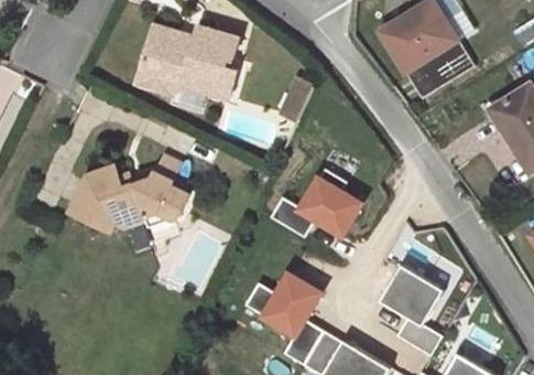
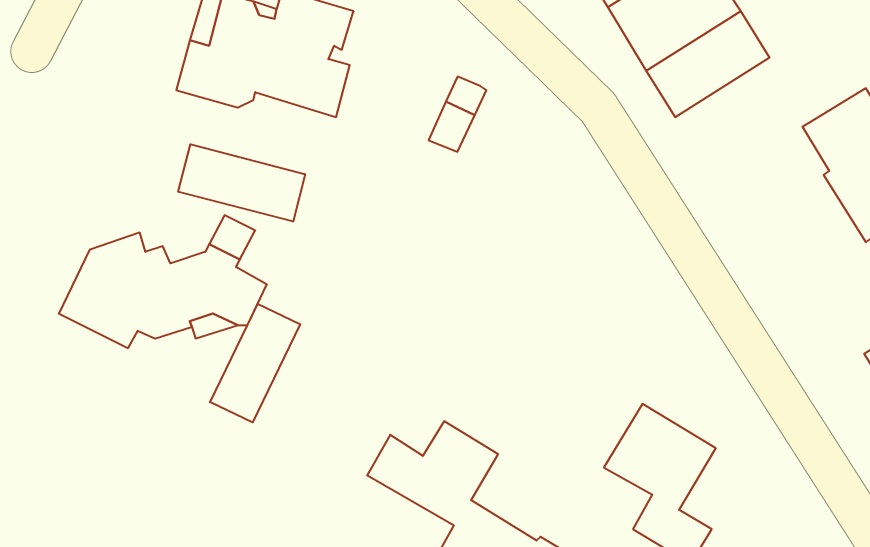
building: none -> [178,144,305,222]
building: [272,168,363,237] -> none
building: none -> [210,304,300,422]

